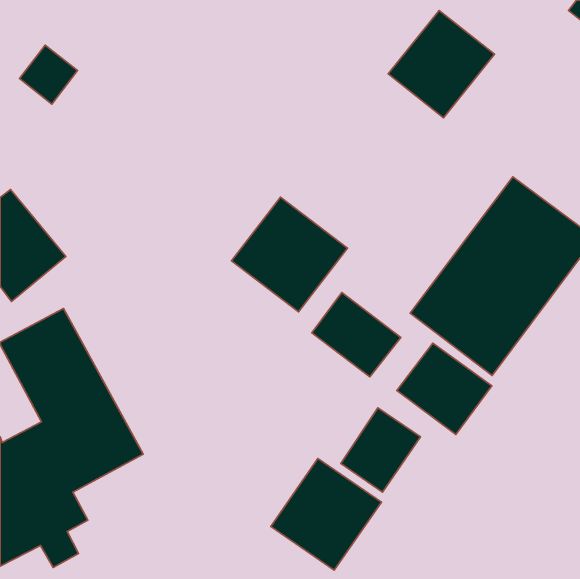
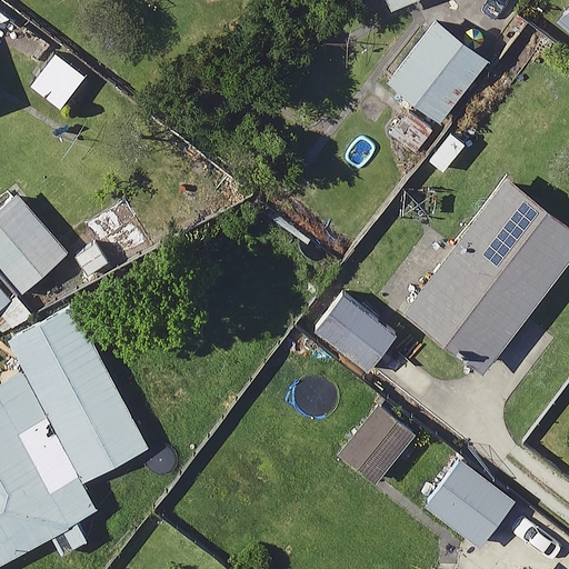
building: [232,197,347,312] -> none
building: [397,343,492,435] -> [423,461,515,549]
building: [271,458,381,570] -> none

